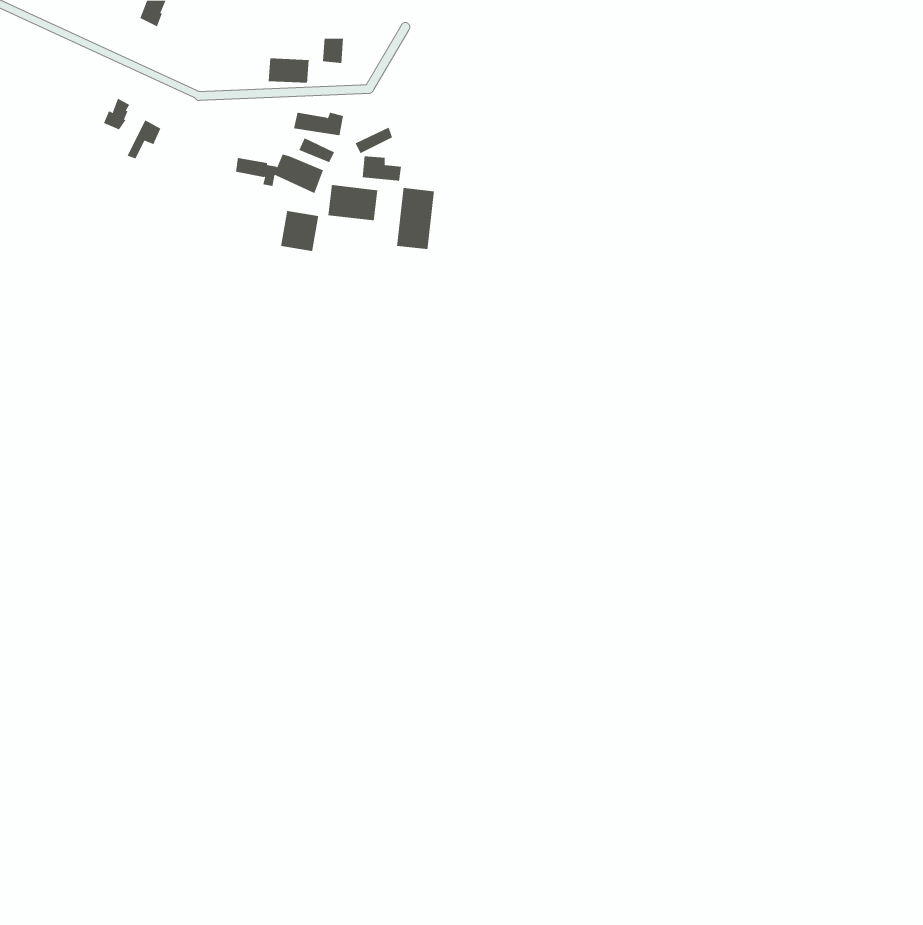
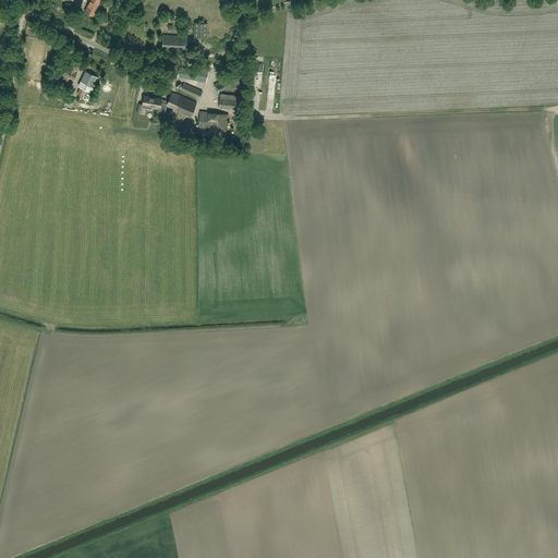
building: [396,187,435,250] -> none
building: [280,210,319,252] -> none

